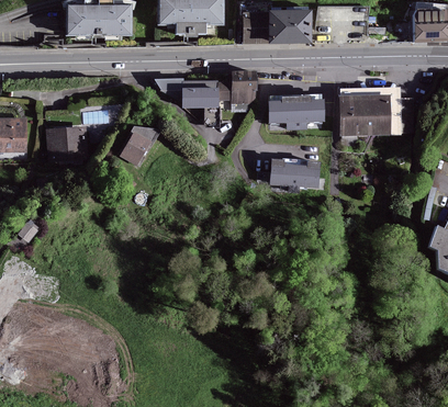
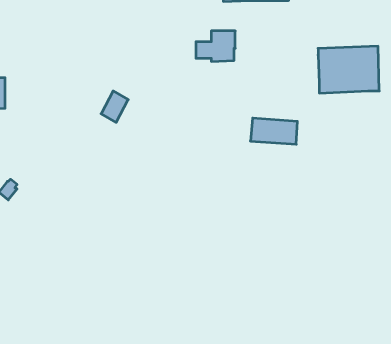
building: [182,80,216,106] -> none
building: [269,94,324,128] -> none
building: [48,128,85,158] -> none

